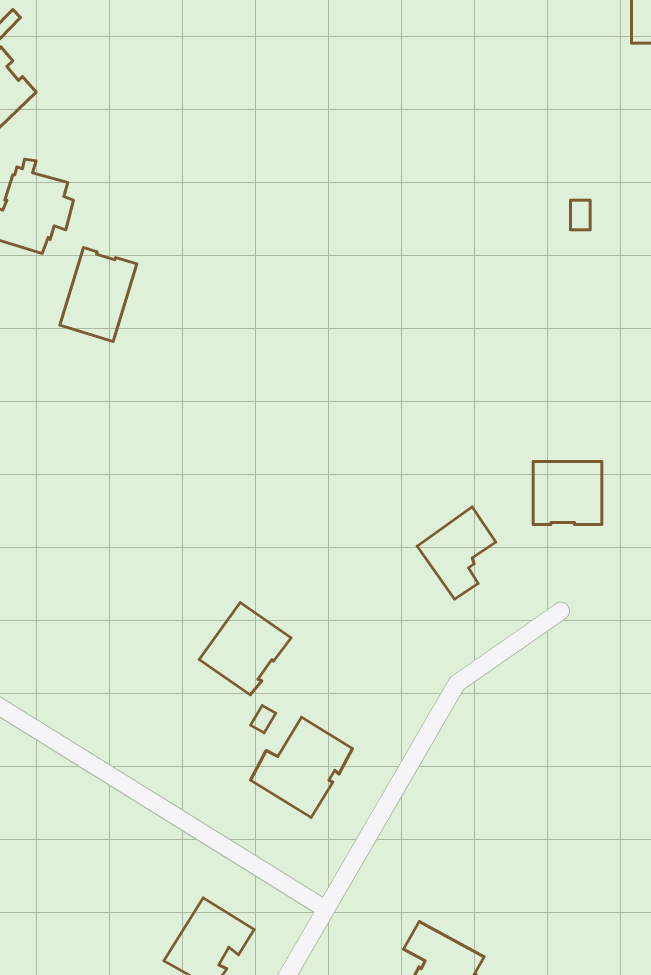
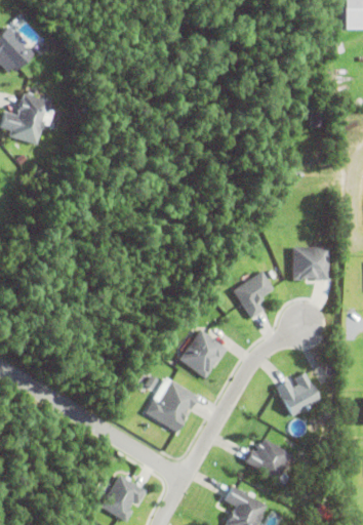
building: [60,248,137,341] -> none
building: [199,602,291,695] -> [178,330,227,378]
building: none -> [275,372,321,417]
building: none -> [245,439,292,481]

